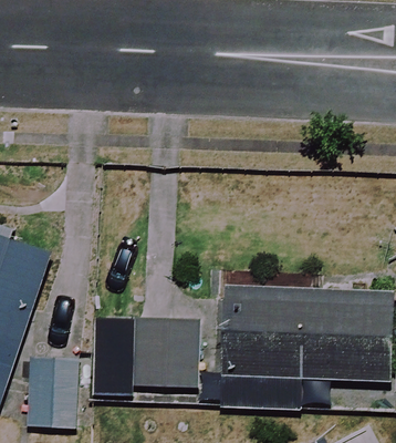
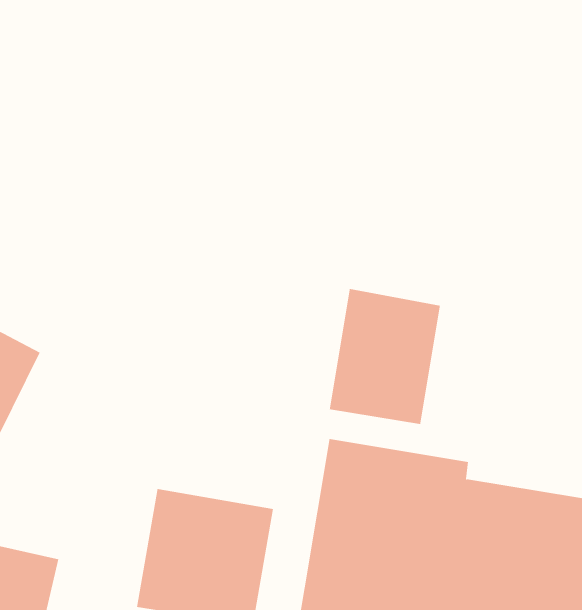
building: none -> [329,288,440,425]

